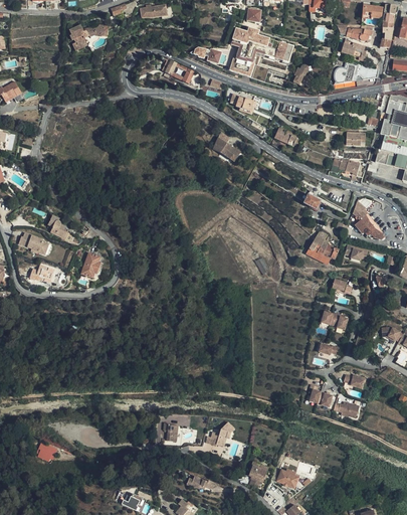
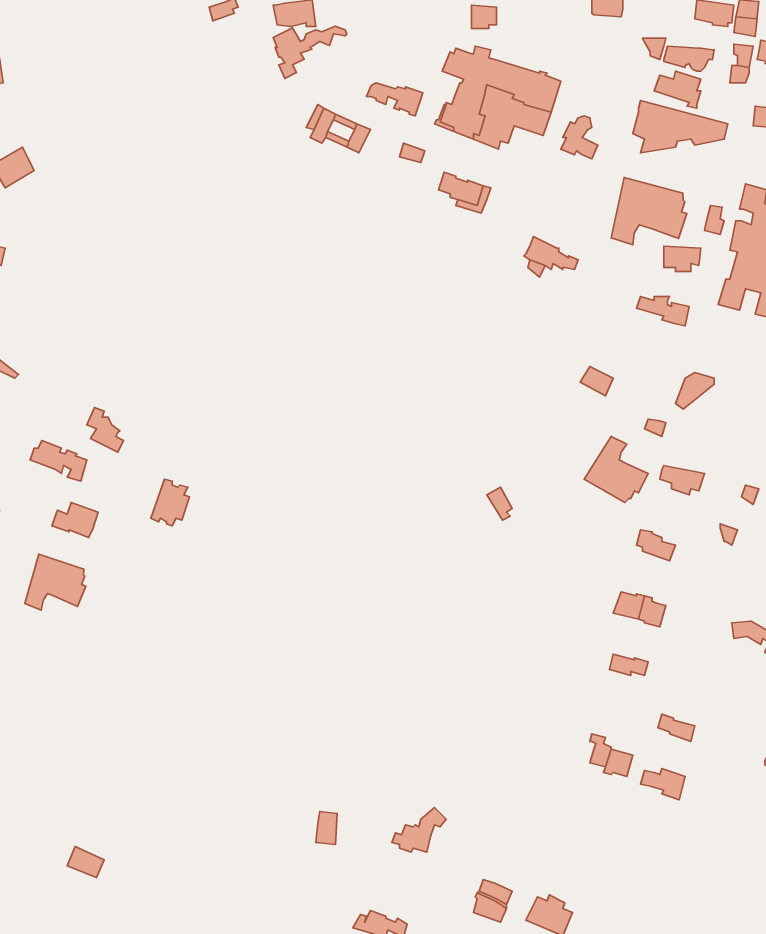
building: [70,23,109,50] -> [273,26,347,78]
building: none -> [611,178,687,245]
building: [214,131,242,162] -> none
building: [354,212,385,241] -> none
building: none -> [25,554,86,610]

